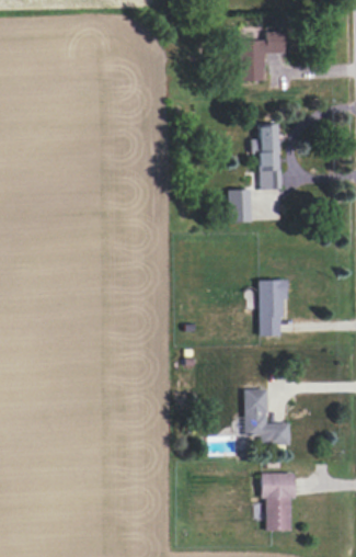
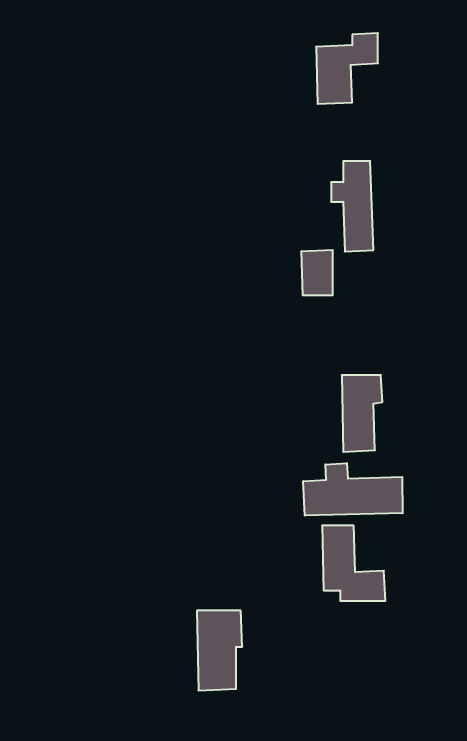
building: none -> [303,463,403,516]
building: [263,473,296,531] -> [197,611,242,690]

